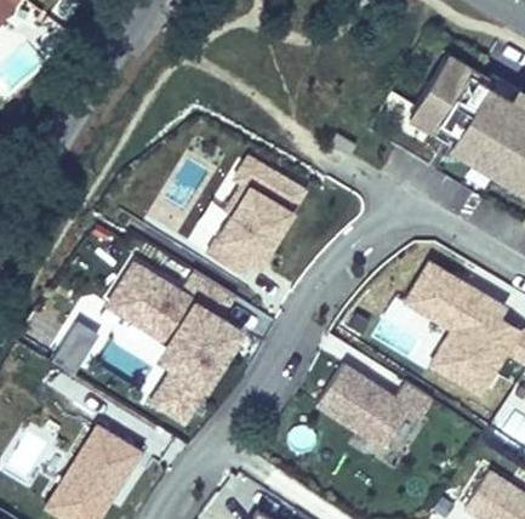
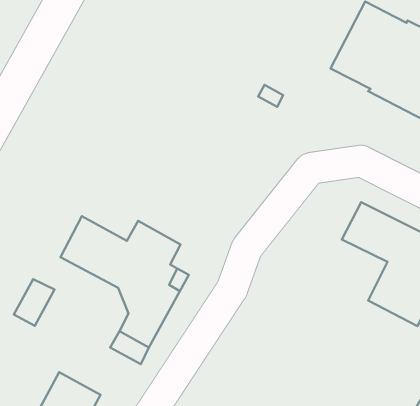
building: [205,155,308,276] -> none
building: [310,359,429,449] -> none

